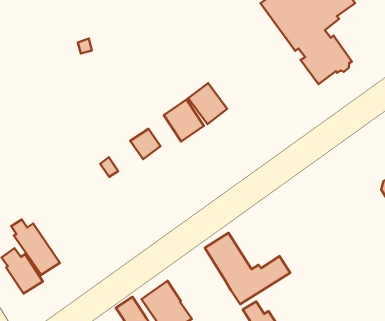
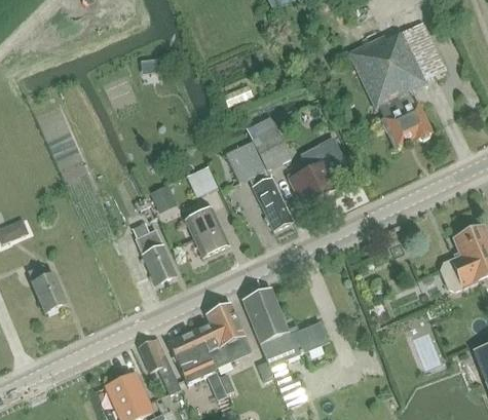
building: none -> [288,145,341,205]
building: none -> [252,177,294,230]
building: none -> [184,207,227,256]
building: [11,220,60,275] -> [133,223,177,284]
building: none -> [198,303,252,369]

